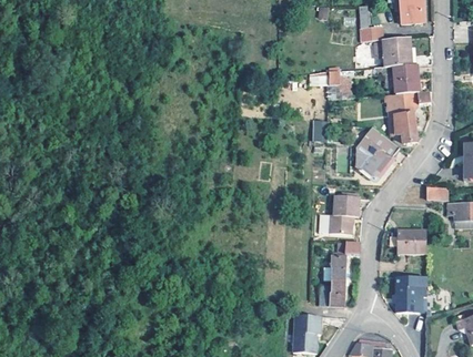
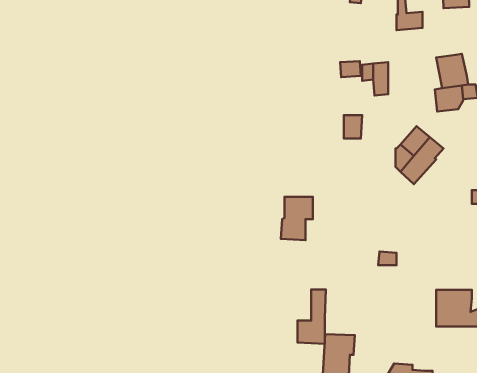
building: [384,38,412,68] -> none
building: [395,113,417,144] -> none
building: [328,195,356,234] -> [281,197,313,240]
building: [396,230,426,252] -> none
building: [319,257,344,306] -> [298,290,326,344]

